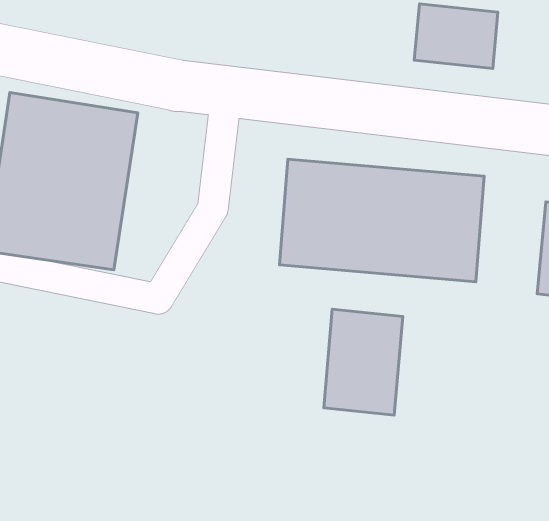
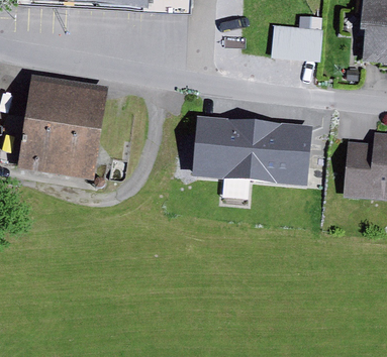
building: [324,309,403,415] -> none

